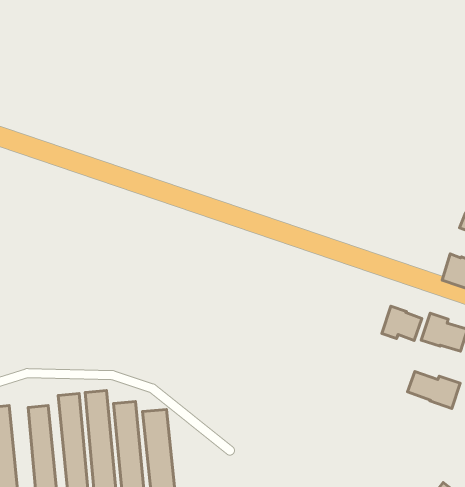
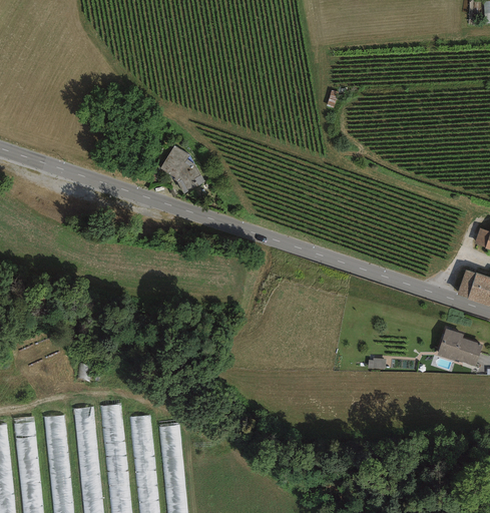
building: none -> [162,144,205,193]
building: [382,306,422,341] -> none
building: [408,371,460,408] -> none

